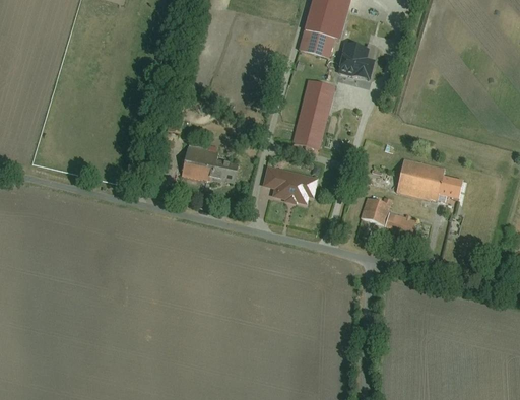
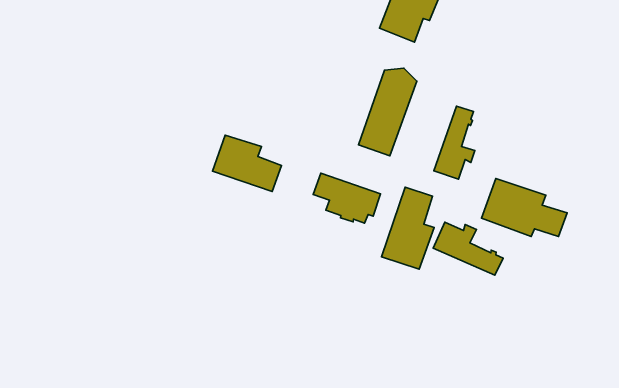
building: [337,43,376,80] -> none
building: none -> [434,106,475,179]
building: none -> [381,187,434,269]

